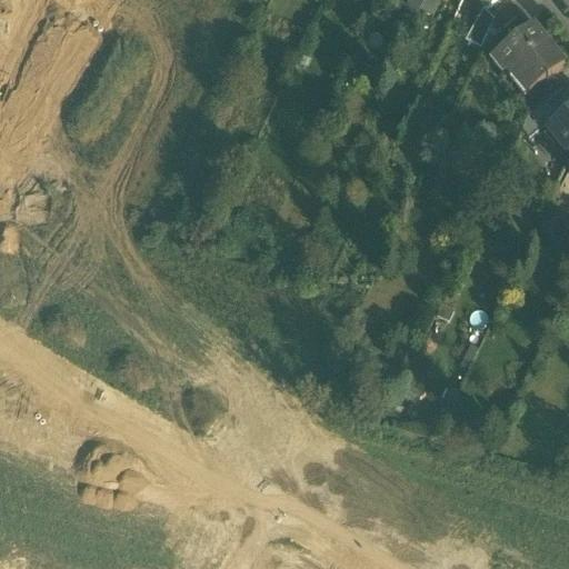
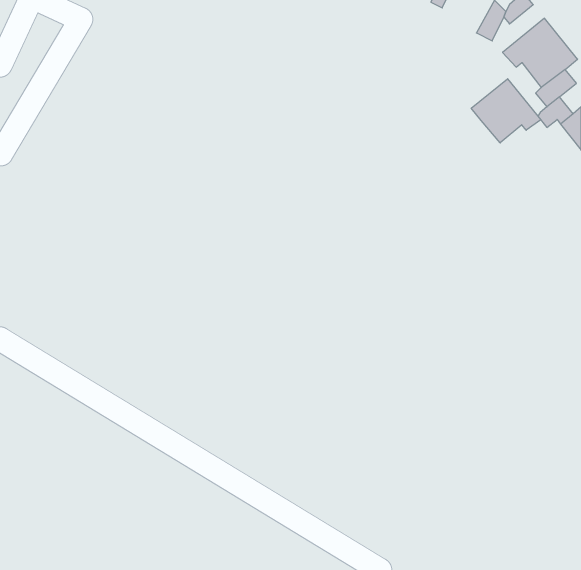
building: none -> [471,79,541,143]

